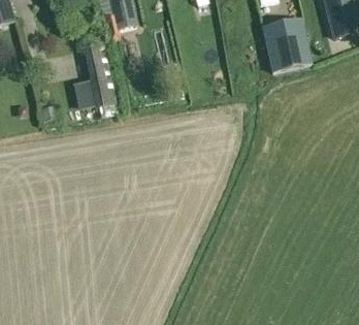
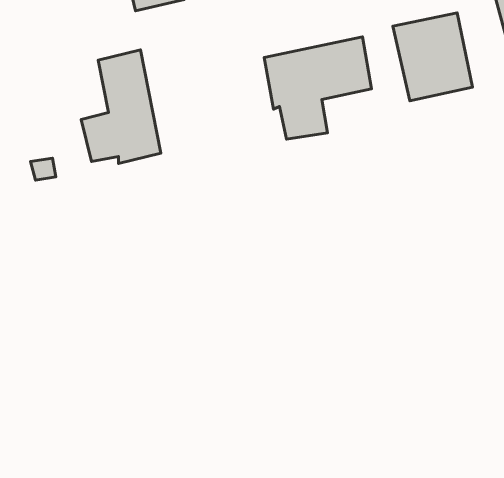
building: none -> [264,37,372,139]

